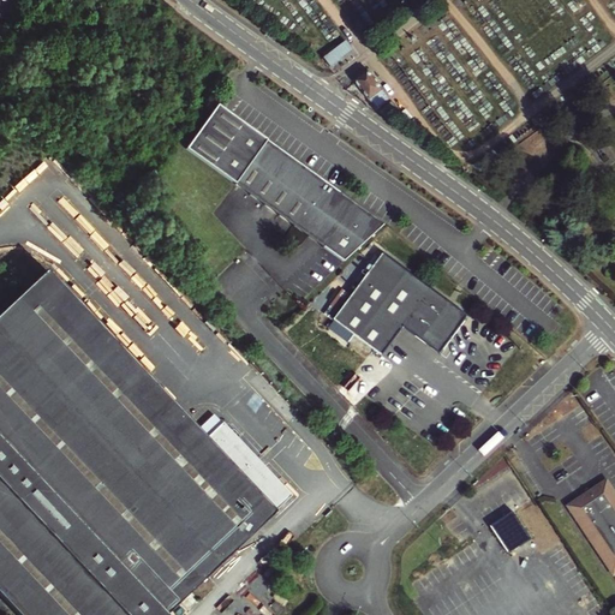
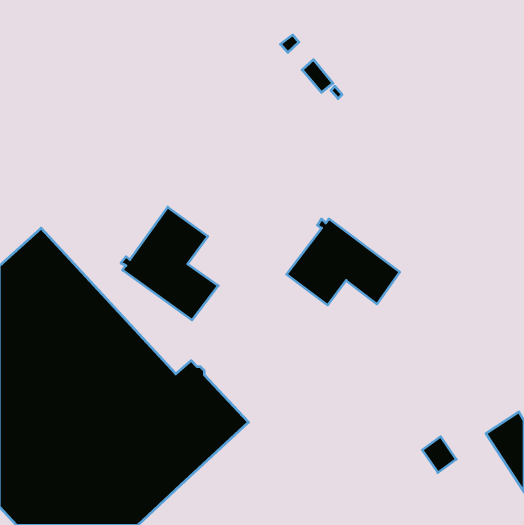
building: [186,105,384,263] -> none
building: none -> [121,207,218,320]

